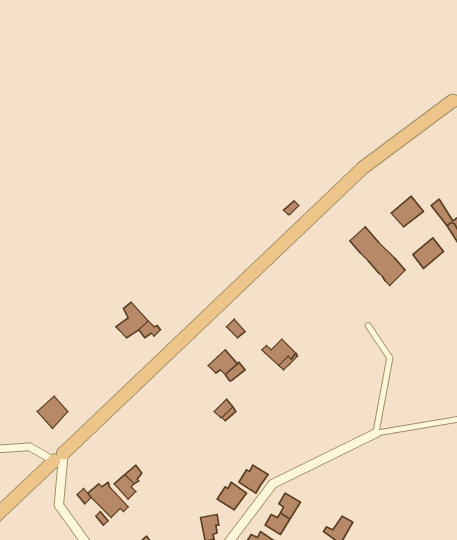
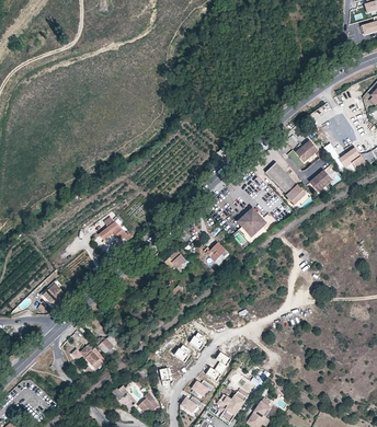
building: none -> [237,207,266,236]

